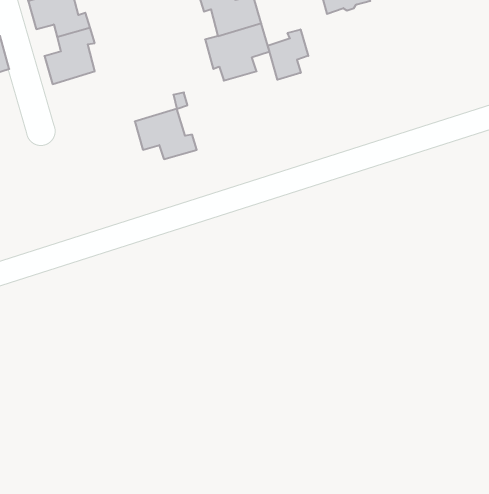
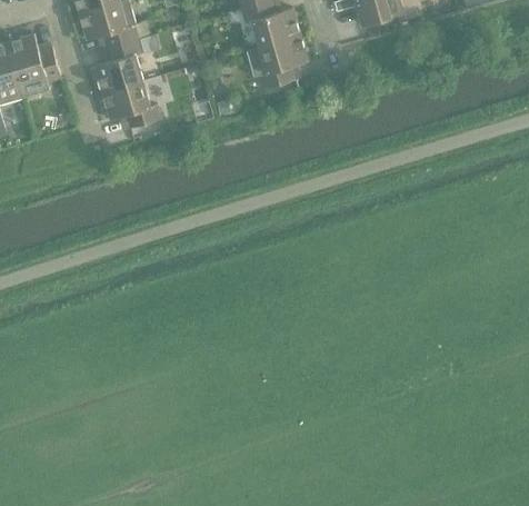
building: [268,29,308,80] -> none
building: [135,109,197,159] -> [101,80,160,128]

